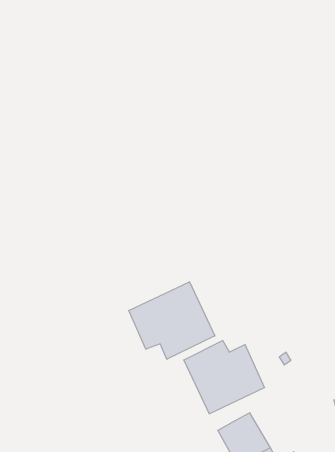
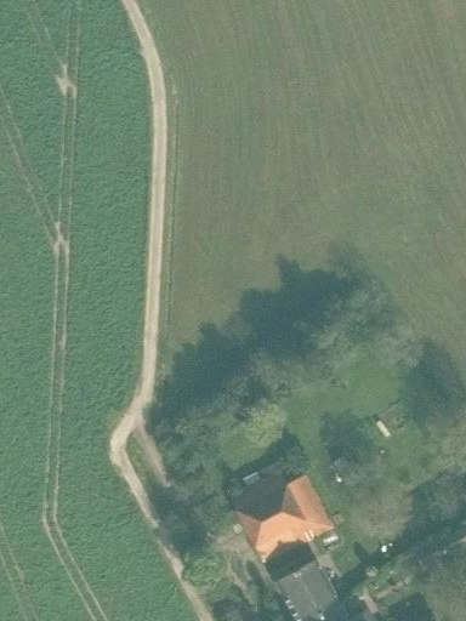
building: [129,282,215,359] -> none

